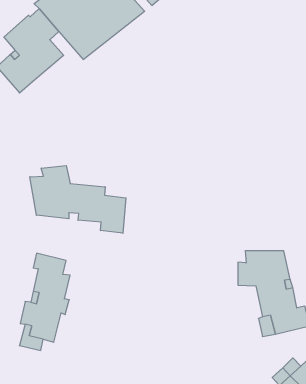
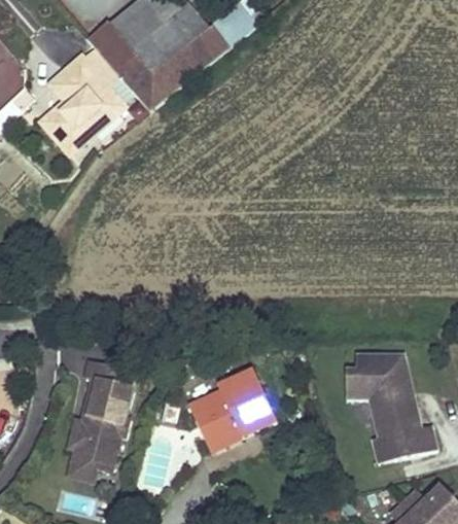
building: [30,166,126,233] -> none
building: none -> [188,372,276,452]

